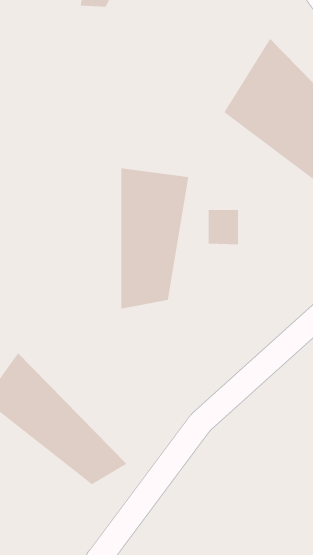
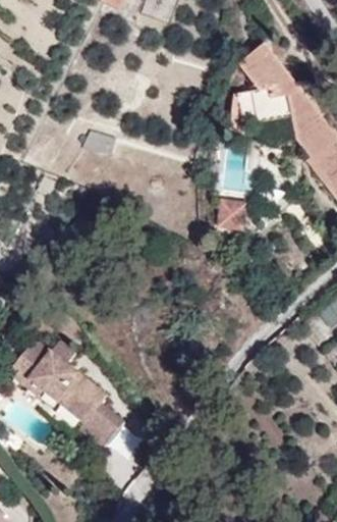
building: [121,167,189,309] -> none

